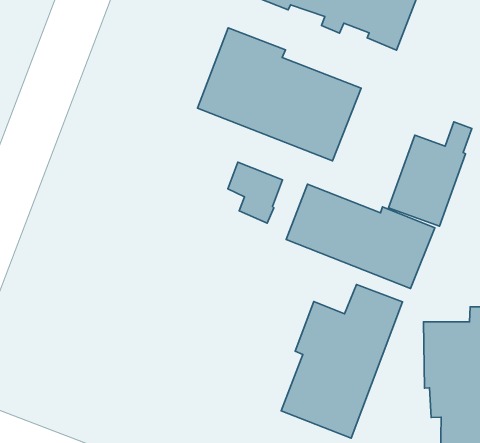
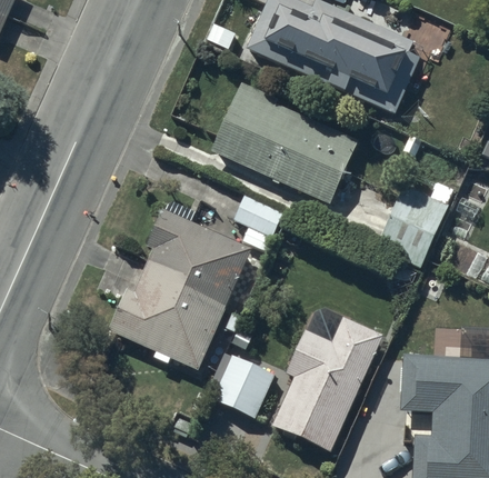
building: none -> [109,203,251,377]
building: [286,184,435,289] -> none
building: none -> [211,353,275,418]

